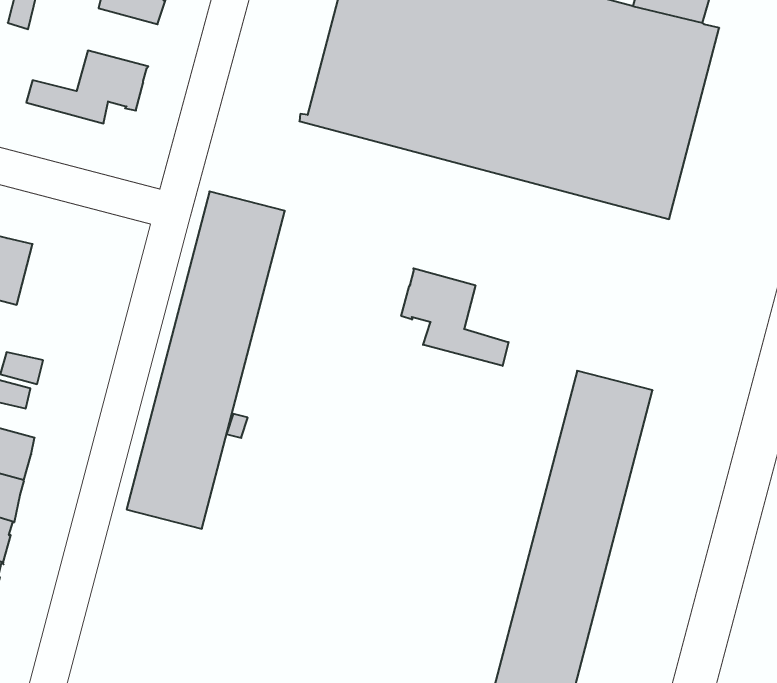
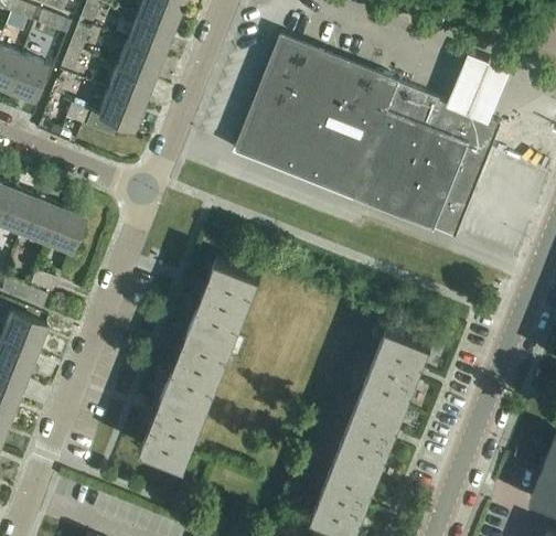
building: none -> [107,65,152,105]
building: [127,191,285,529] -> [140,257,260,465]
building: none -> [44,206,84,253]
building: [401,268,509,366] -> none

